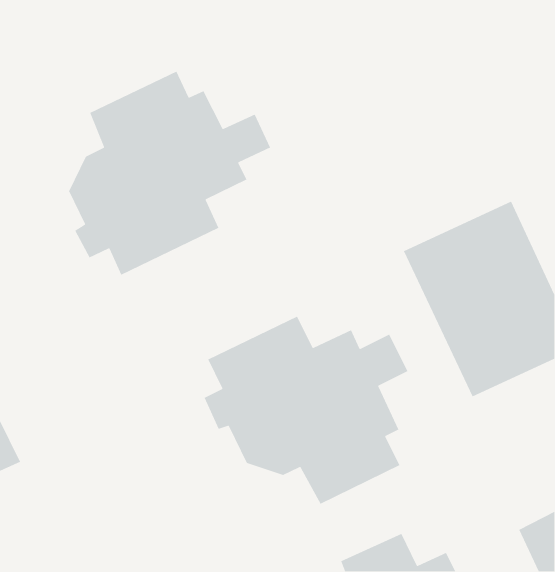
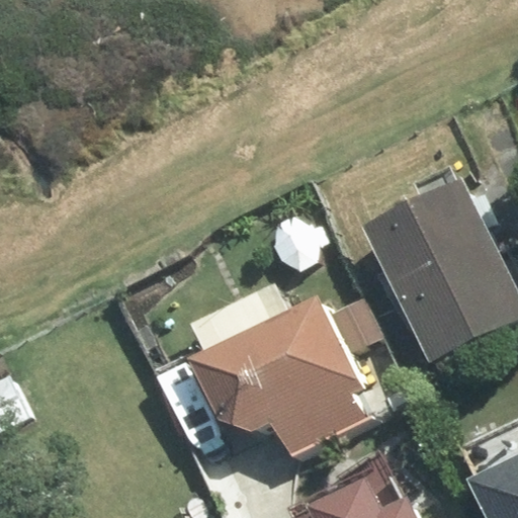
building: [68,71,271,276] -> none

